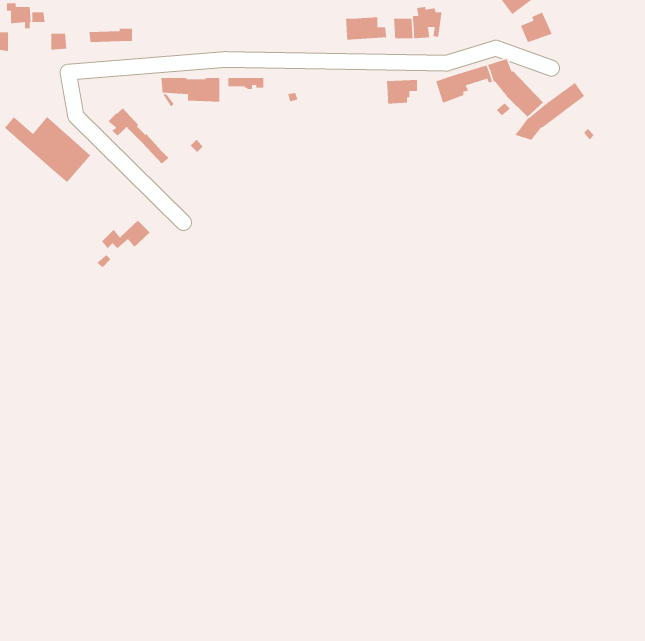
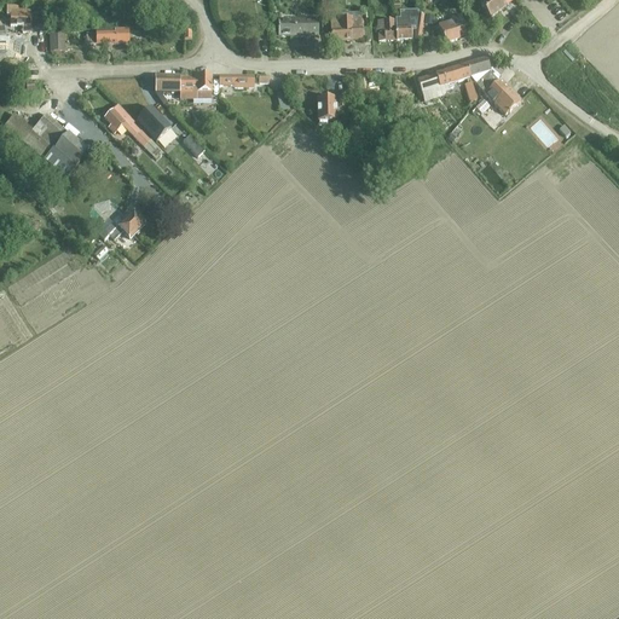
building: none -> [272,11,317,34]
building: [520,11,553,43] -> [438,10,469,40]
building: [386,79,418,104] -> [316,94,346,118]
building: [514,82,585,141] -> none
building: none -> [138,105,170,138]

